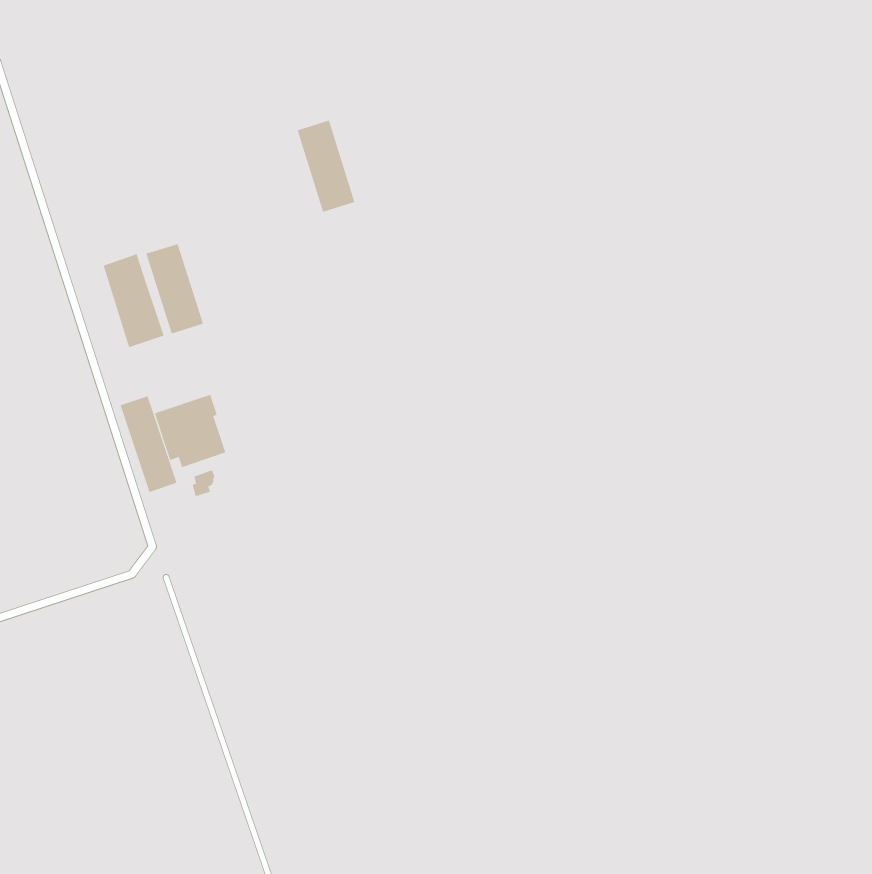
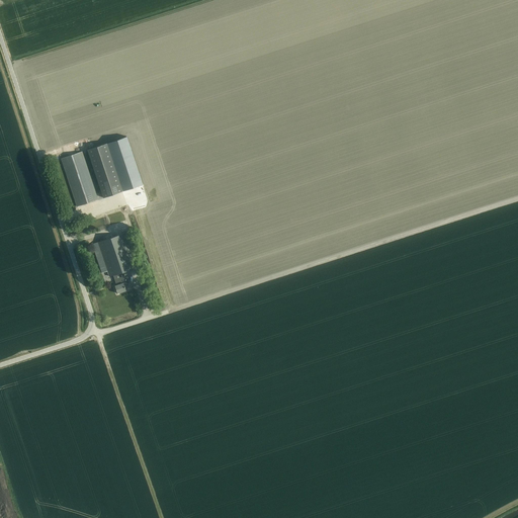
building: [297,120,355,213] -> [106,138,141,192]
building: [120,396,177,493] -> none

